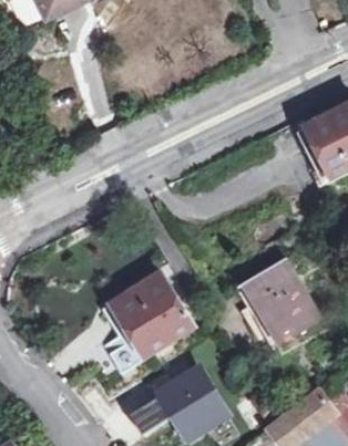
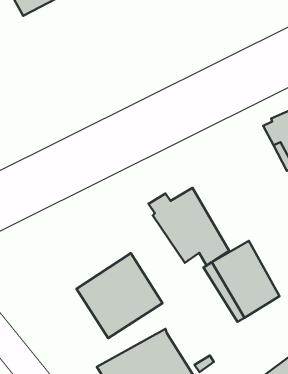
building: none -> [149,188,229,266]

